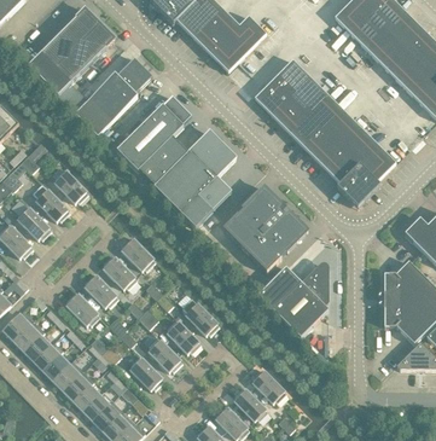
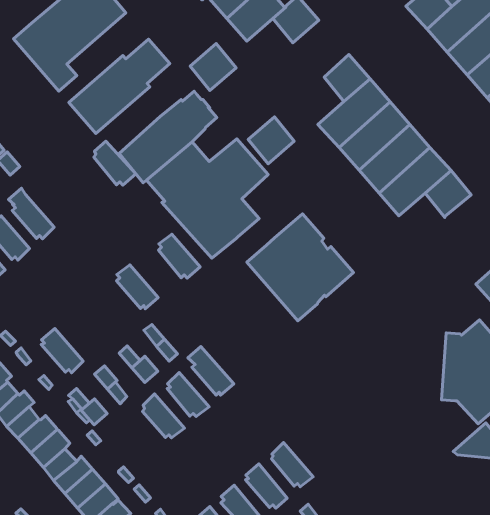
building: [210,34,246,71] -> [190,43,236,90]
building: [254,77,290,115] -> [248,117,294,164]
building: [336,163,379,207] -> none
building: [54,168,88,202] -> [94,141,136,185]
building: [103,254,136,288] -> [158,234,200,278]
building: [257,263,327,336] -> none
building: [85,272,118,306] -> none
building: [129,354,163,388] -> none

